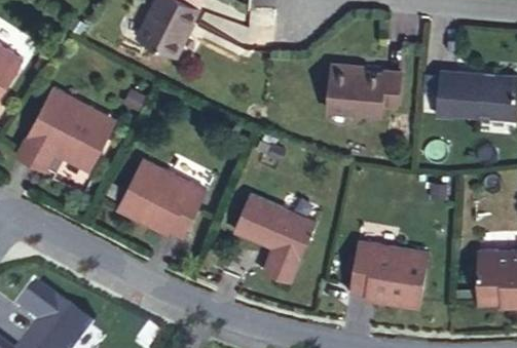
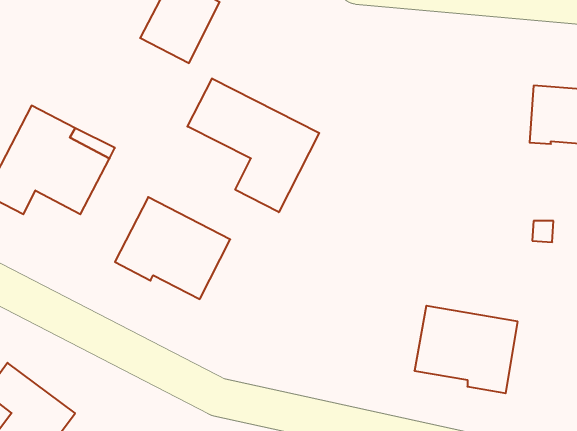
building: [328,64,400,115] -> none
building: none -> [187,78,319,212]
building: [234,193,318,282] -> none

